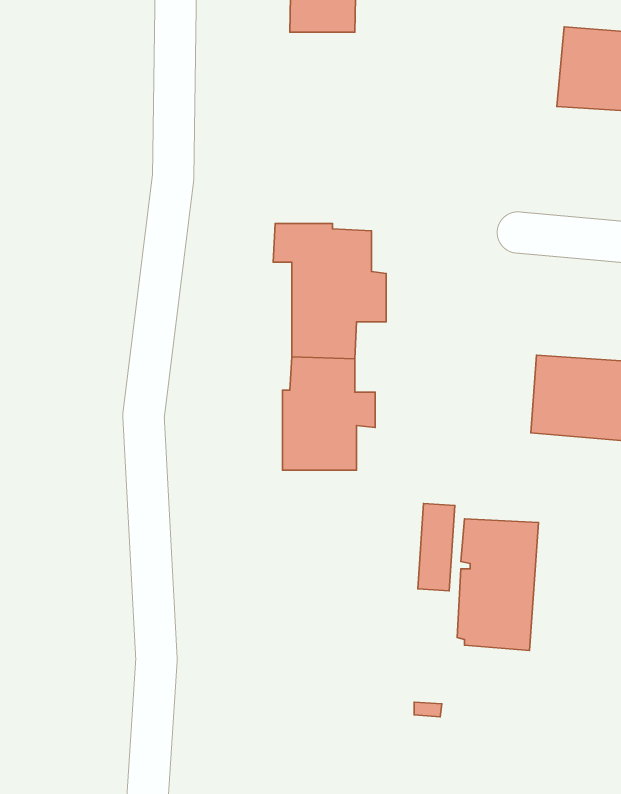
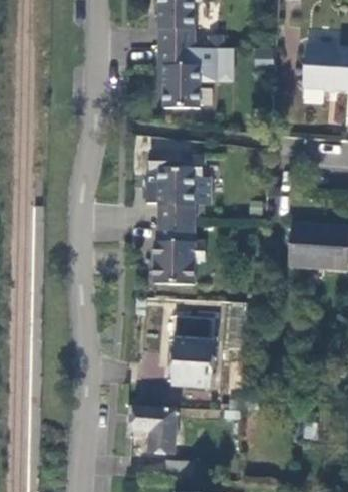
building: none -> [157,48,215,109]
building: [457,519,539,651] -> [169,317,214,389]
building: none -> [132,407,177,455]

